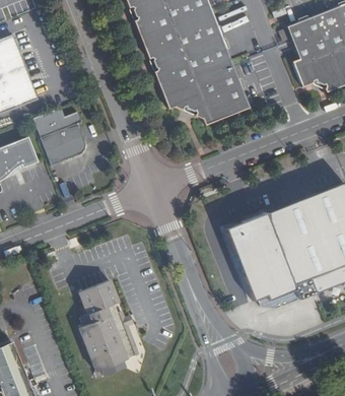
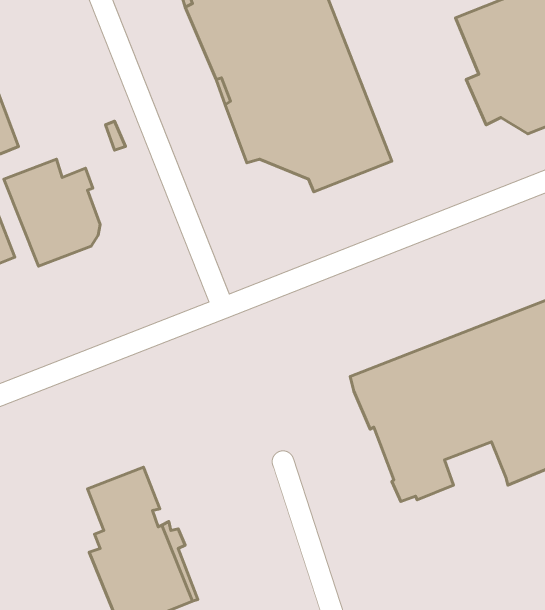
building: [278,264,313,294] -> none

